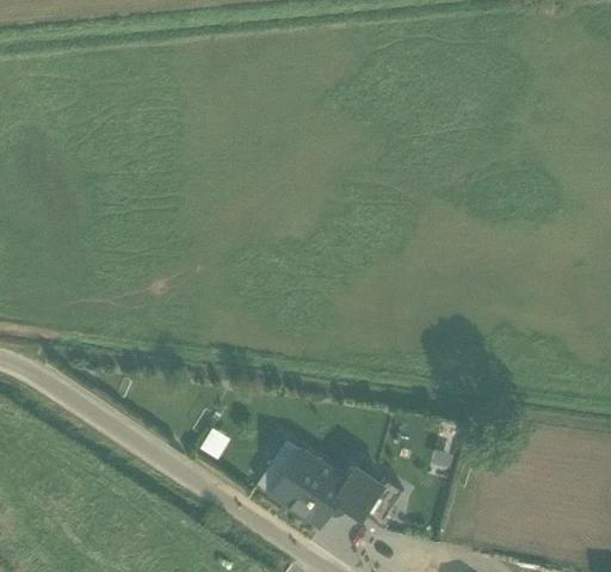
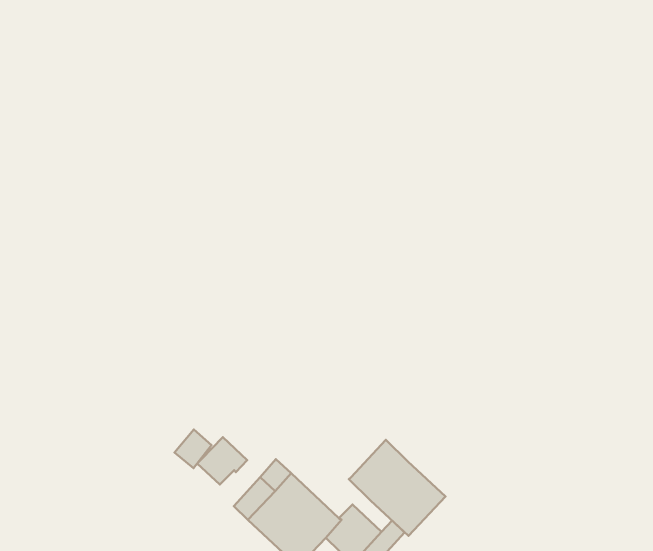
building: none -> [349,440,446,536]
building: none -> [197,437,247,484]

